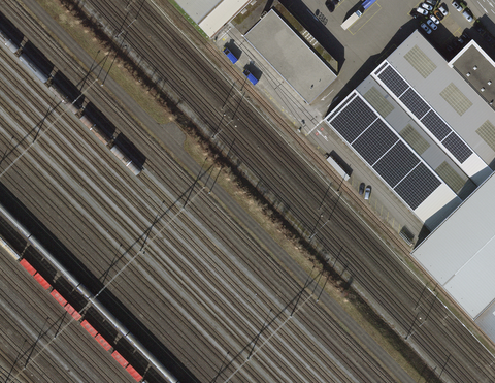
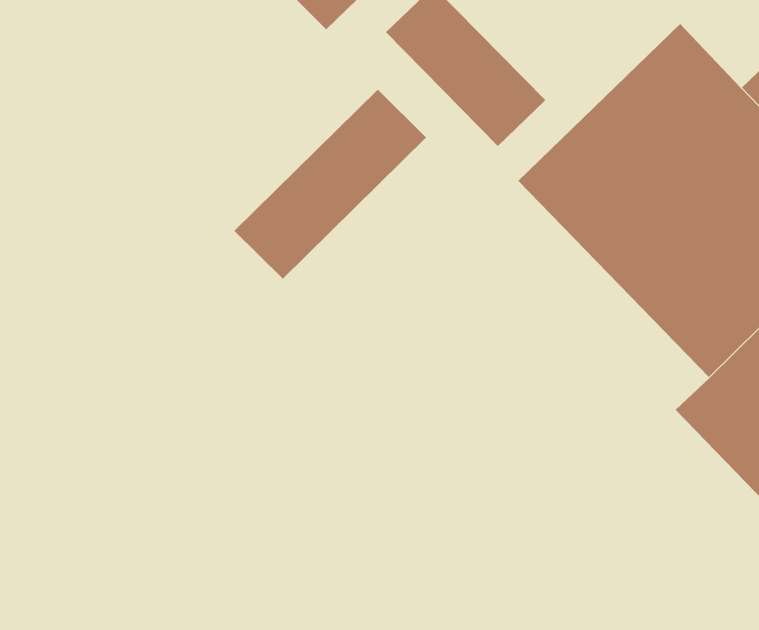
building: none -> [234,89,427,279]

